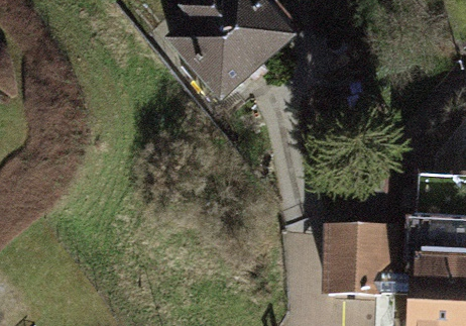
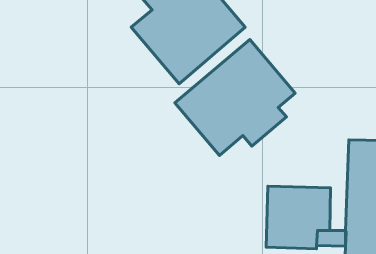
building: none -> [175,40,295,156]

